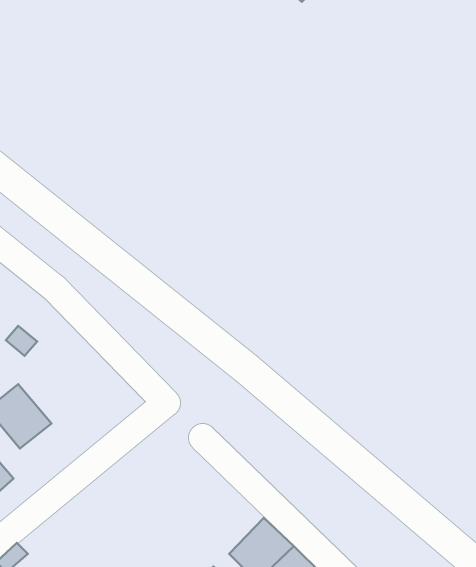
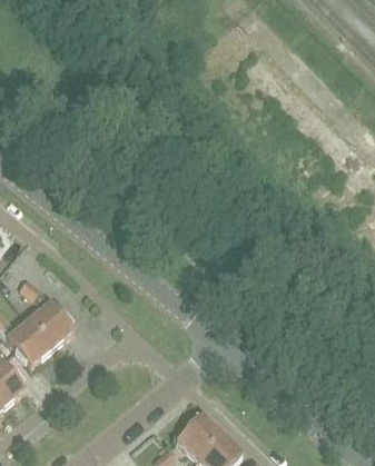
building: none -> [27,301,72,348]

